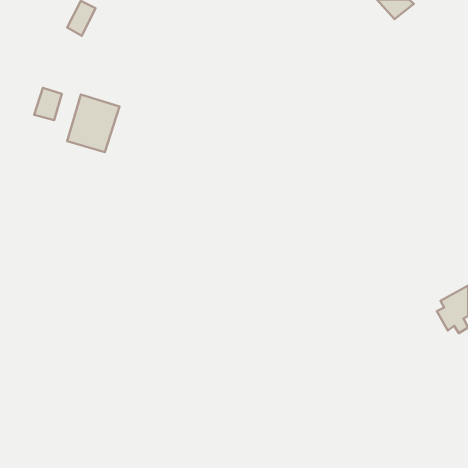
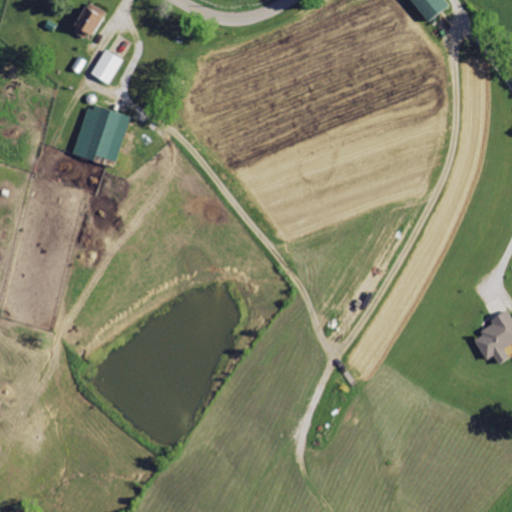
building: none -> [91,48,124,83]
building: [34,88,62,120] -> none

